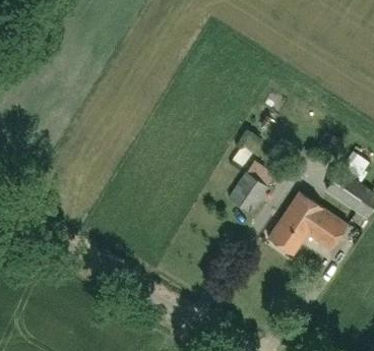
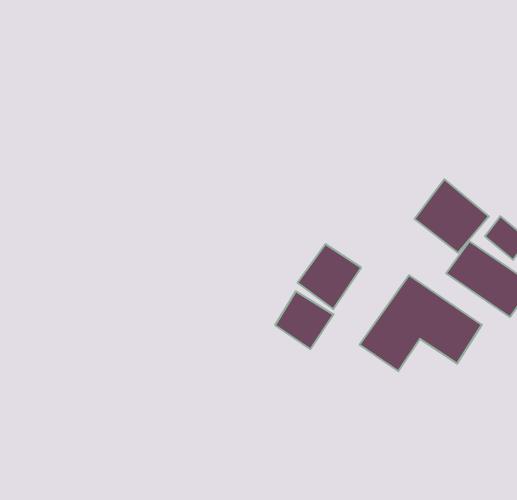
building: none -> [415,179,489,253]
building: none -> [275,291,334,349]

